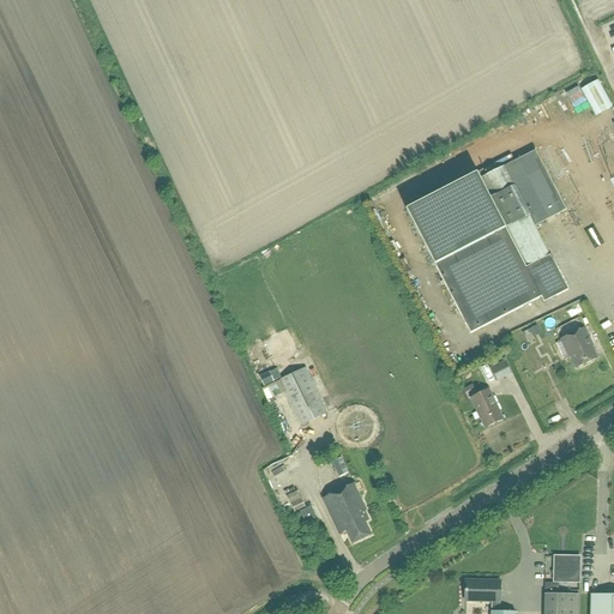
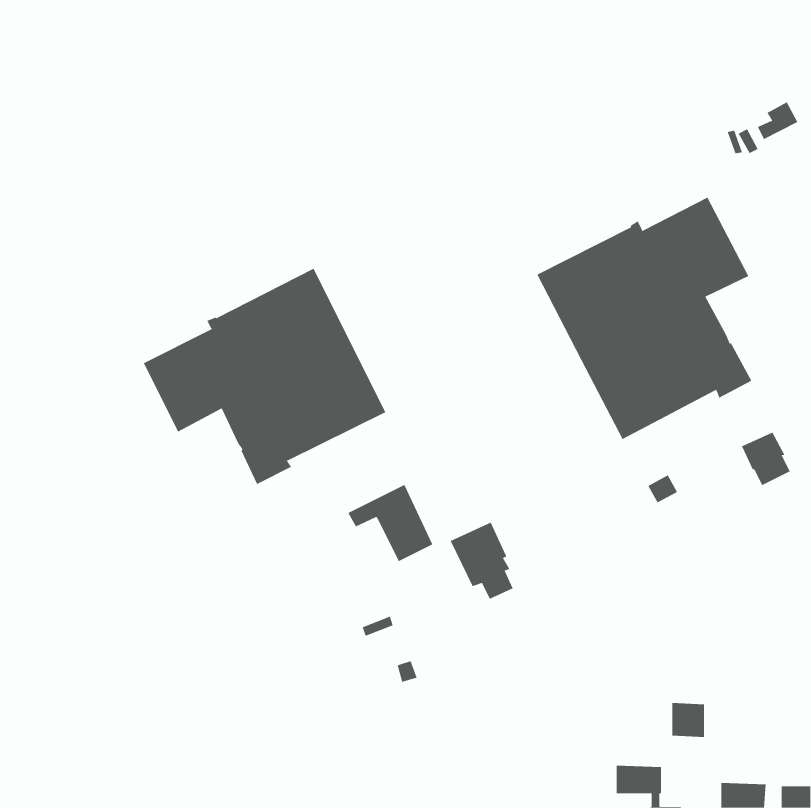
building: none -> [143,268,386,485]
building: [470,387,504,426] -> none
building: [323,482,371,541] -> [450,522,513,599]
building: [554,554,579,580] -> [671,703,705,737]

